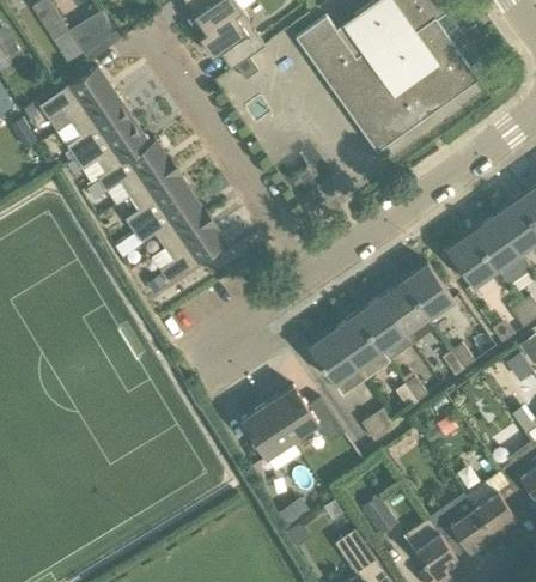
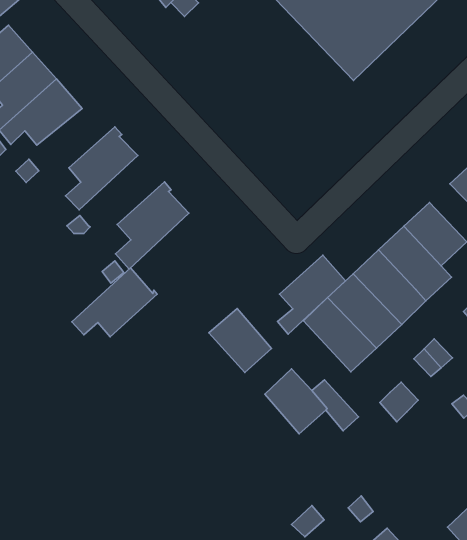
building: [100,141,175,193] -> none
building: [135,190,209,245] -> [72,268,157,337]
building: none -> [277,255,346,334]
building: [242,404,292,457] -> [209,309,272,372]
building: [360,496,398,538] -> none

